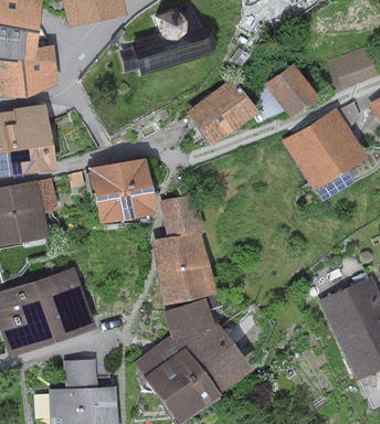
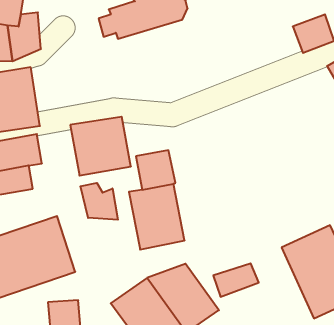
building: [264,63,316,117] -> none
building: [188,80,256,145] -> none
building: [283,109,366,190] -> none
building: none -> [80,183,118,220]
building: [165,298,214,335] -> [213,263,259,297]

